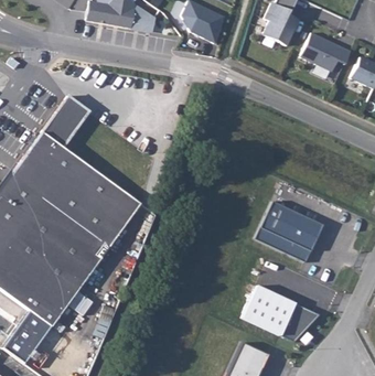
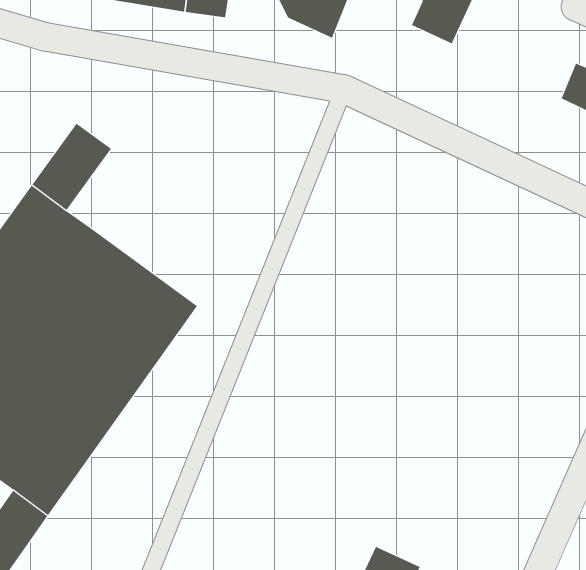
building: [301,33,352,72] -> none
building: [256,200,323,260] -> none
building: [242,284,319,341] -> none

